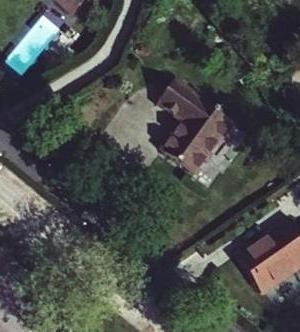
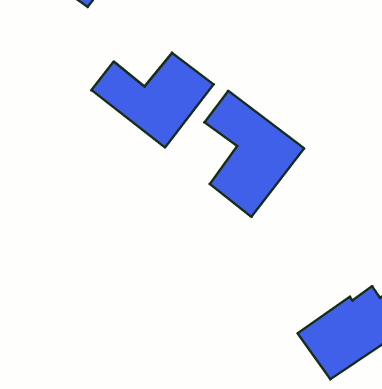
building: none -> [91,53,214,147]

